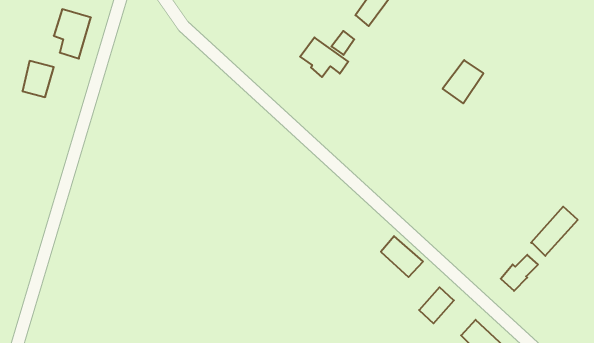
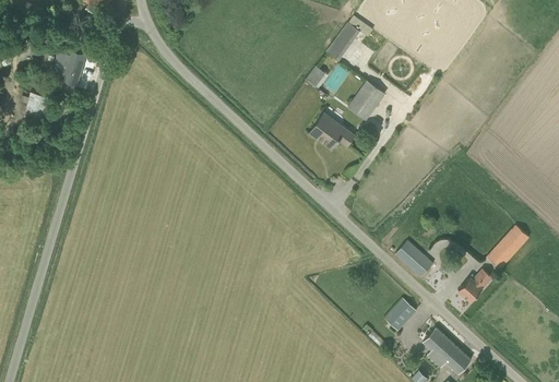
building: [300,37,348,77] -> [311,114,355,150]
building: [443,60,483,103] -> [347,81,384,120]
building: [381,236,423,277] -> [395,240,433,277]

